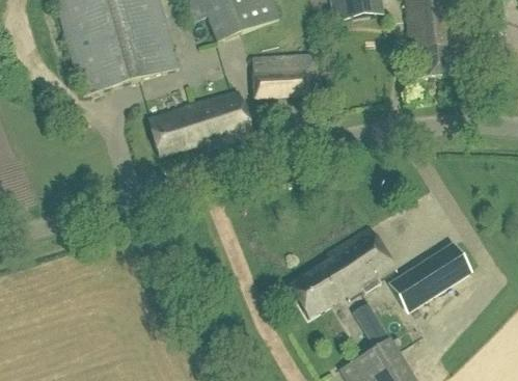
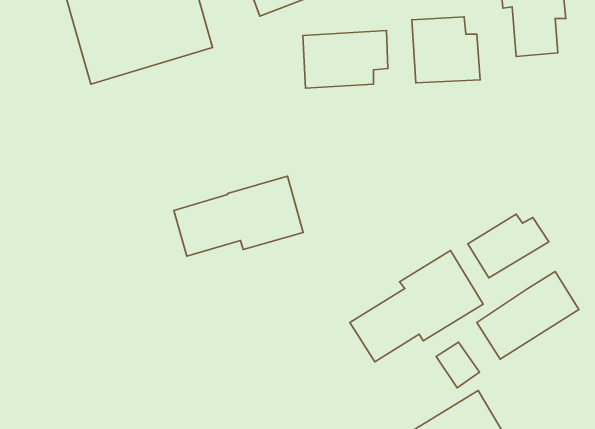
building: none -> [412,17,480,83]
building: [149,90,252,154] -> [174,176,303,256]
building: none -> [468,214,549,278]

